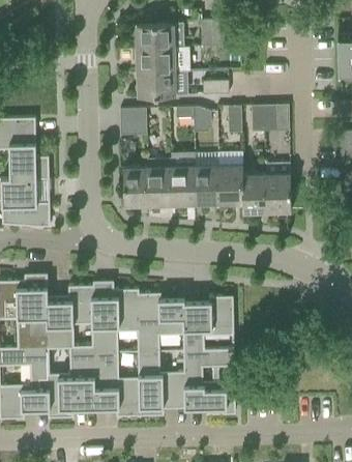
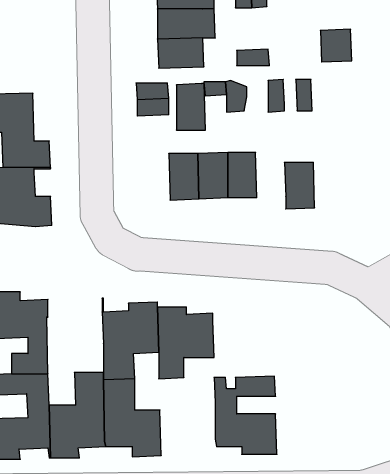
building: [264,106,290,133] -> [320,29,352,62]
building: [266,165,292,212] -> none
building: [218,166,243,204] -> none
building: [124,168,148,206] -> [176,84,205,130]
building: [47,287,93,349] -> none
building: [183,297,234,352] -> none
building: [139,352,185,416] -> none

